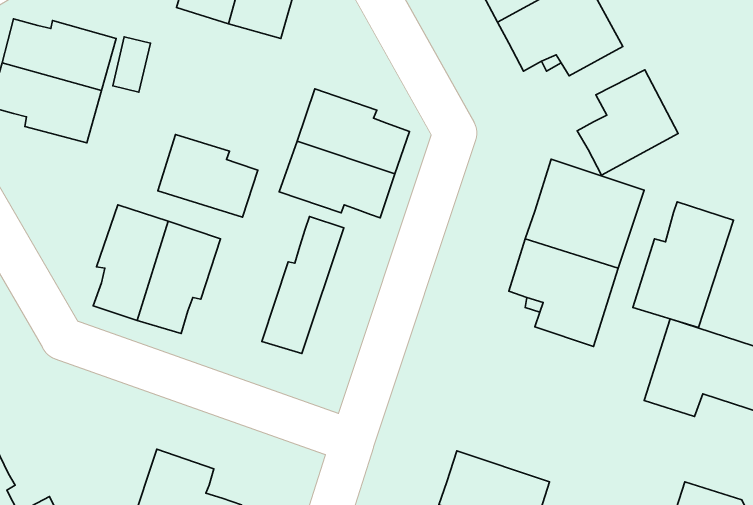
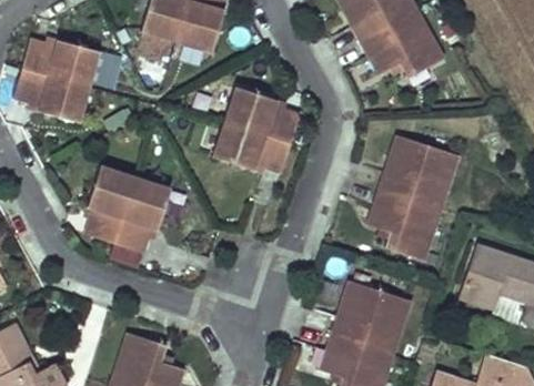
building: [577,70,678,175] -> none
building: [158,134,258,217] -> none
building: [633,202,733,328] -> none
building: [262,217,344,353] -> none
building: none -> [331,280,412,354]

